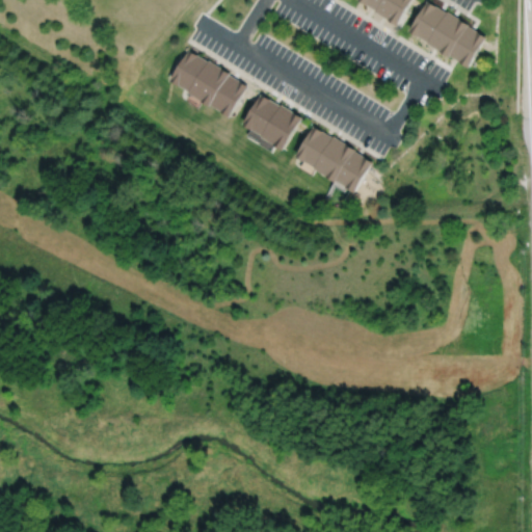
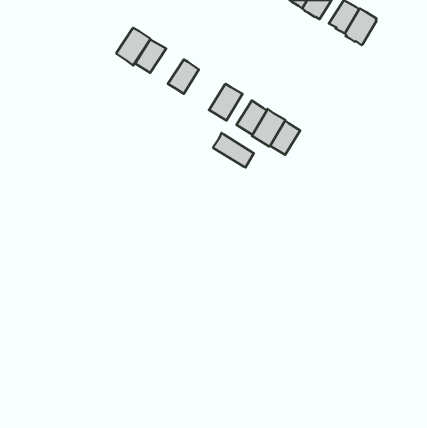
building: [449,26,484,65] -> none
building: [186,59,228,106] -> [117,28,150,65]
building: [240,92,278,135] -> none
building: none -> [213,133,254,168]

